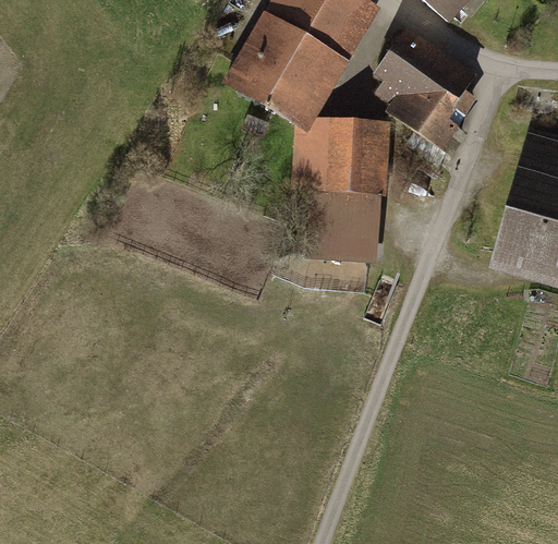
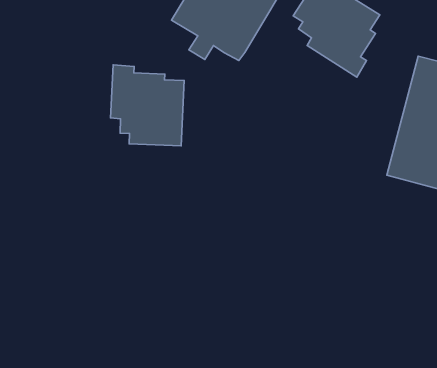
building: [284,120,392,257] -> none
building: none -> [111,65,184,146]

